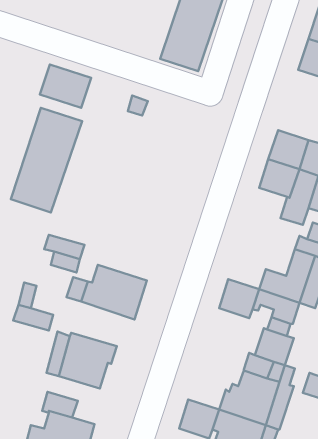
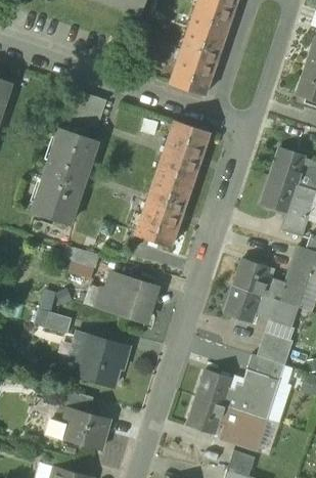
building: none -> [136,121,210,249]
building: none -> [232,260,269,296]
building: none -> [195,371,232,406]

